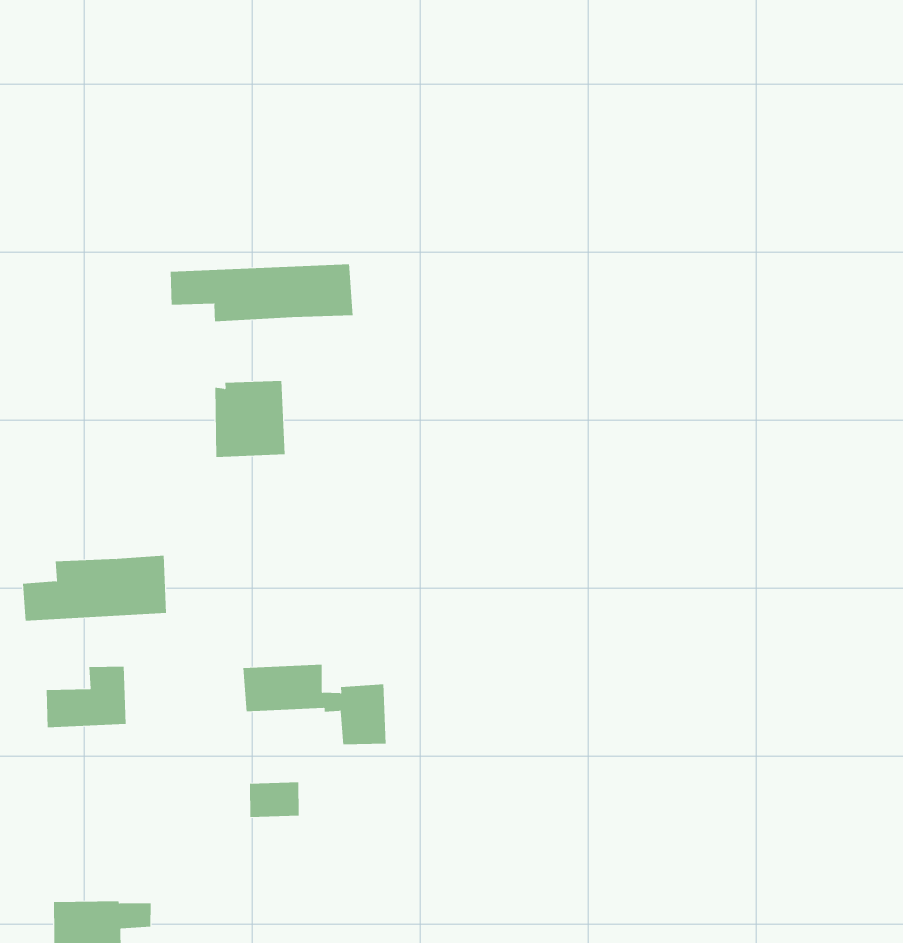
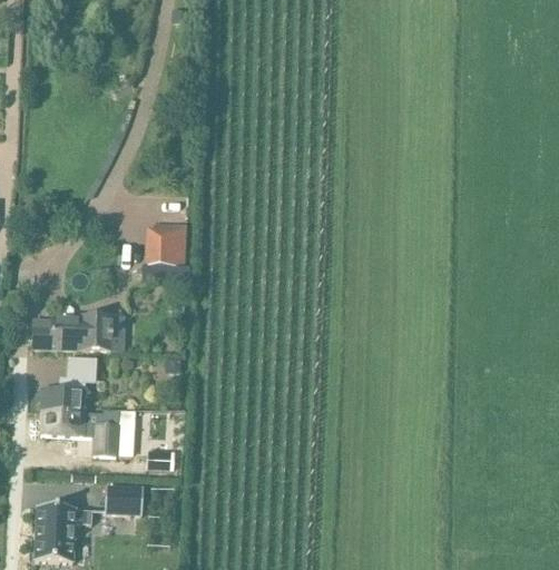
building: [170,264,353,322] -> none
building: [243,664,386,745] -> [41,406,119,454]
building: none -> [105,483,143,512]

